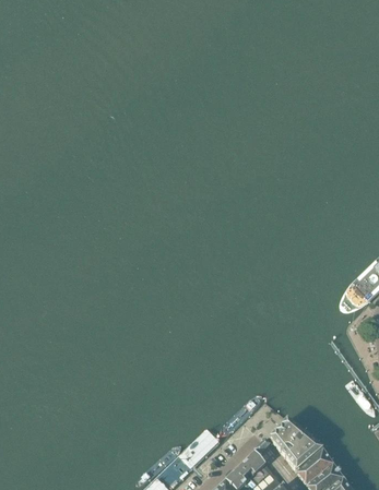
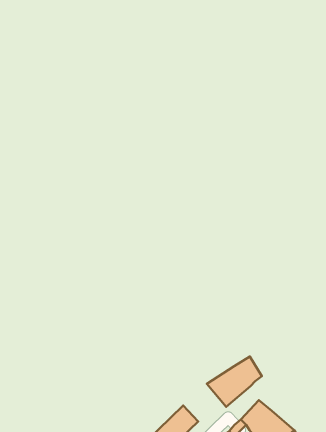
building: none -> [207,357,262,407]

